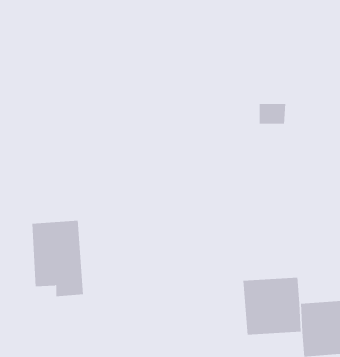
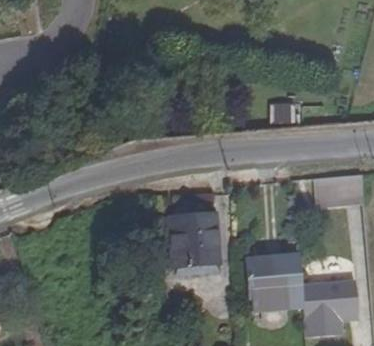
building: [32,220,84,297] -> [172,215,220,285]

